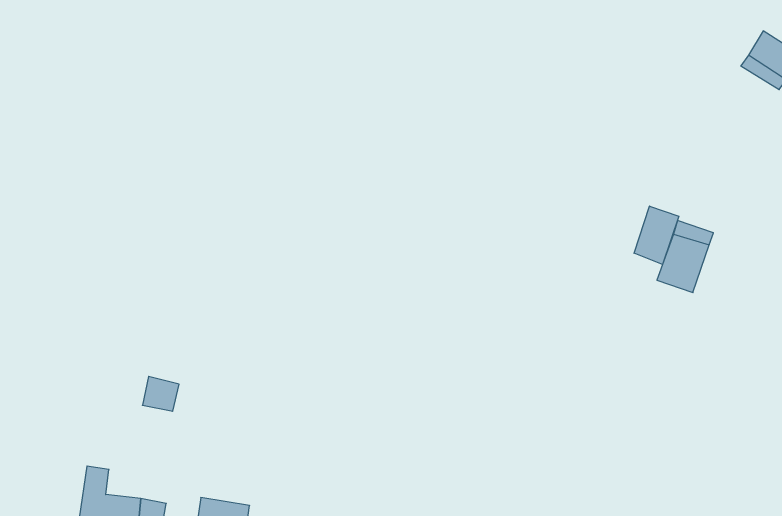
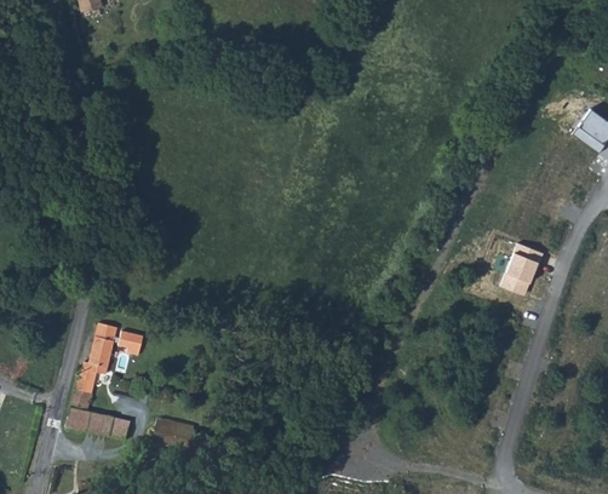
building: [634,206,679,265] -> none
building: none -> [75,323,116,392]

